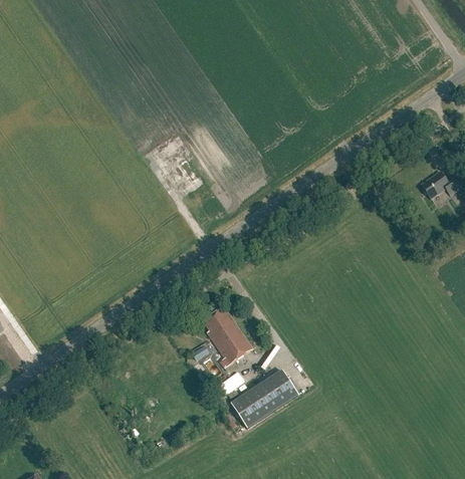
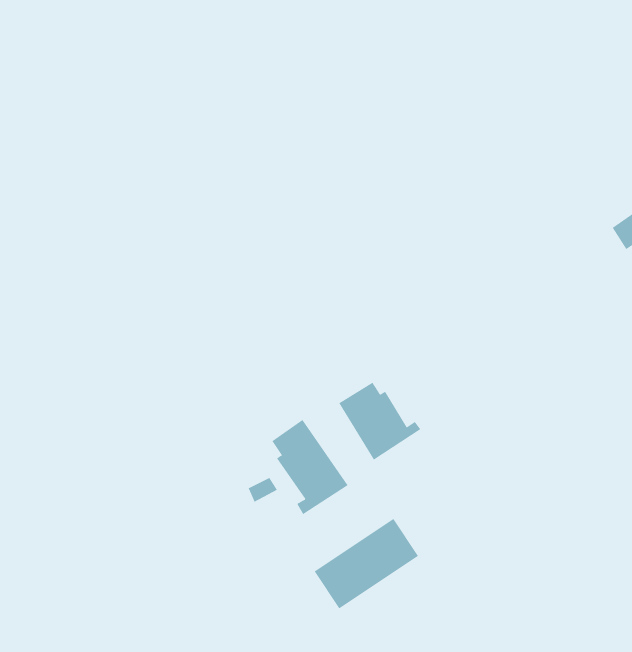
building: none -> [339,382,421,461]

